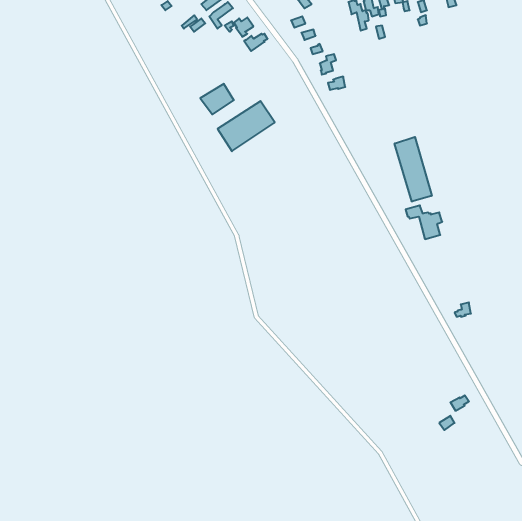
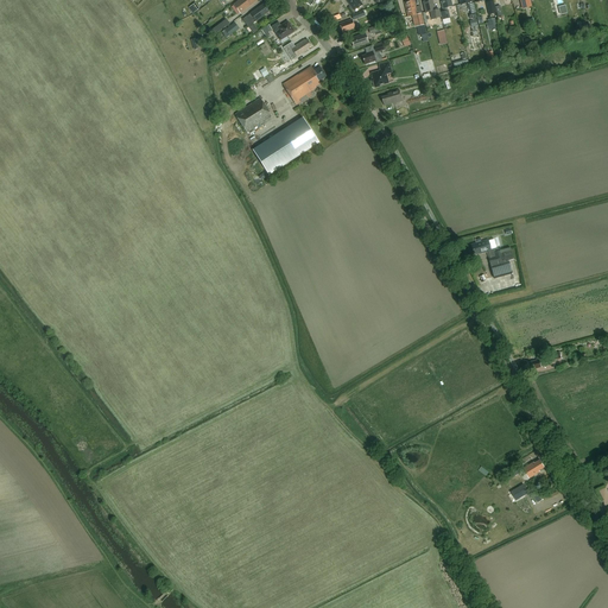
building: none -> [283,65,325,104]
building: [395,137,432,202] -> none

